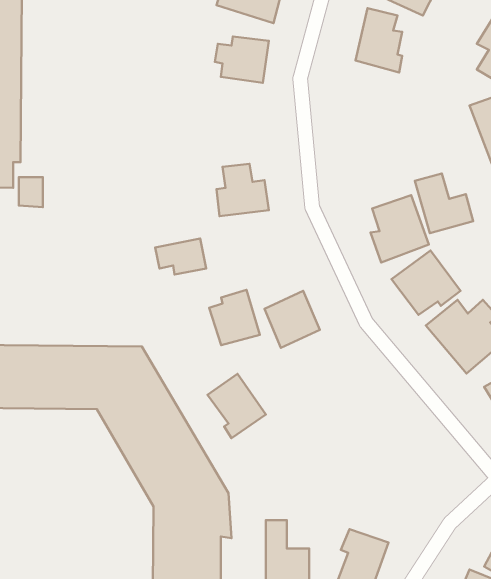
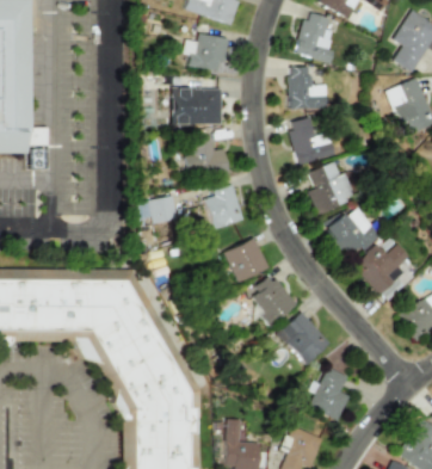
building: none -> [290,66,328,109]
building: none -> [172,87,222,124]
building: [415,173,473,233] -> [290,116,337,163]
building: [209,290,260,345] -> [204,184,245,228]
building: [208,374,266,438] -> [249,273,296,325]
building: none -> [279,310,332,364]
building: none -> [309,366,350,420]

